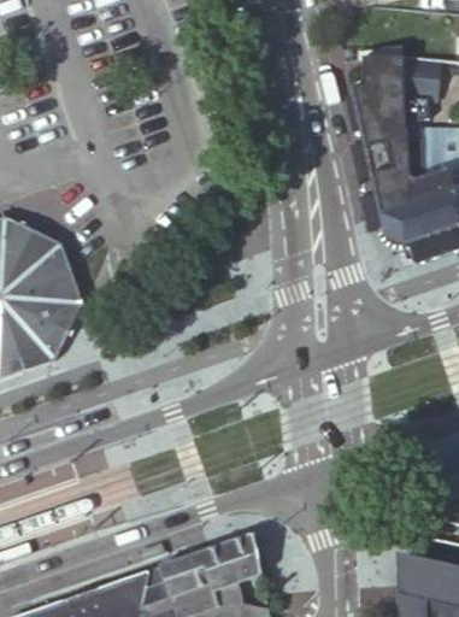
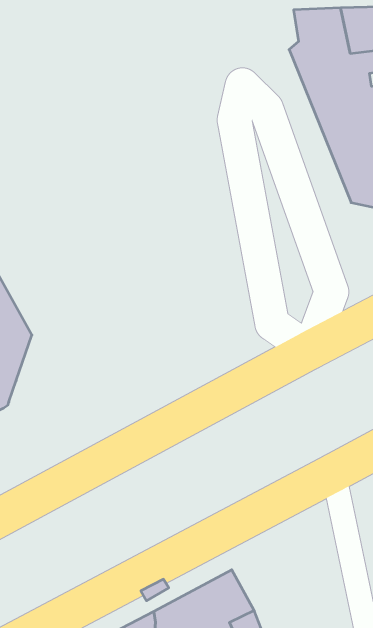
building: [226,534,266,583] -> none

